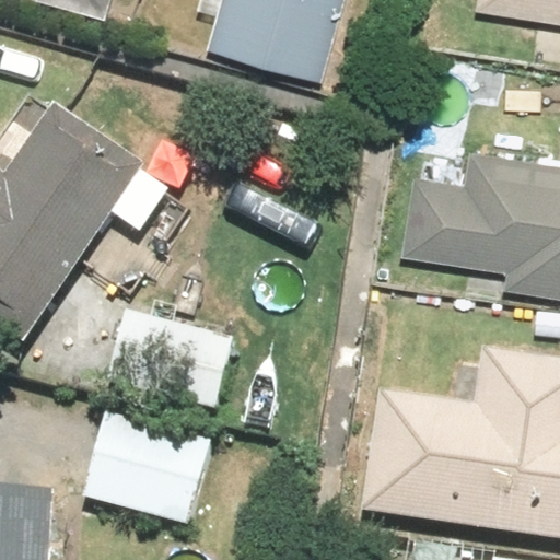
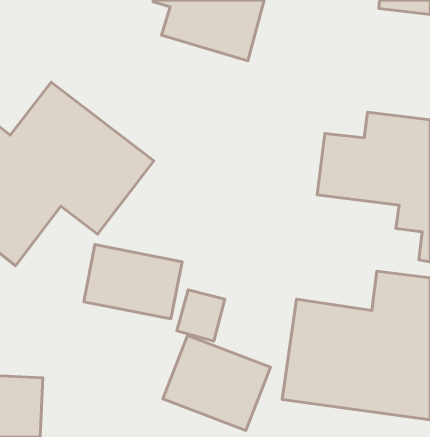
building: [80,409,218,530] -> [163,336,270,431]

